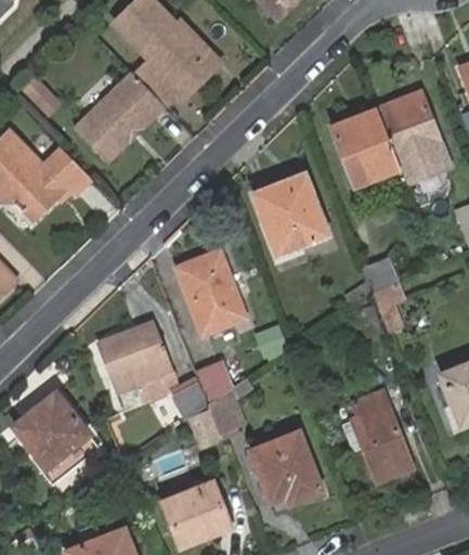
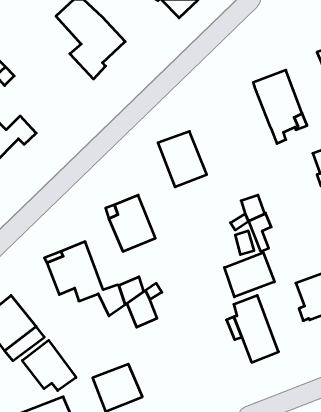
building: [177,20,221,95] -> none
building: [73,70,165,160] -> none
building: [329,117,399,186] -> none
building: none -> [224,253,274,297]
building: [251,433,321,504] -> none
building: none -> [22,340,76,391]

